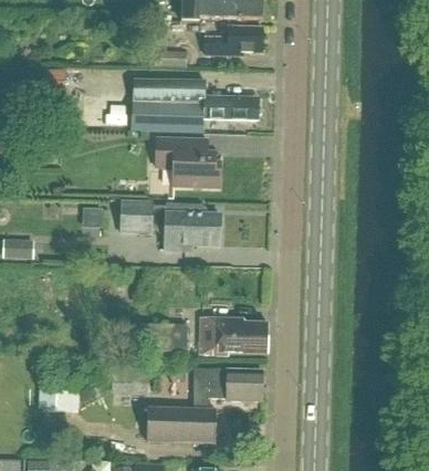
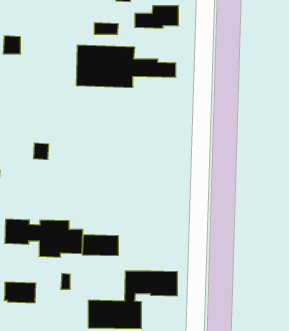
building: [155,137,220,186] -> none
building: [119,200,220,249] -> [5,219,83,257]
building: [199,316,268,354] -> none

